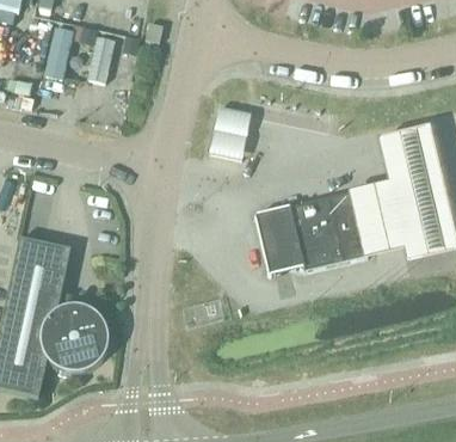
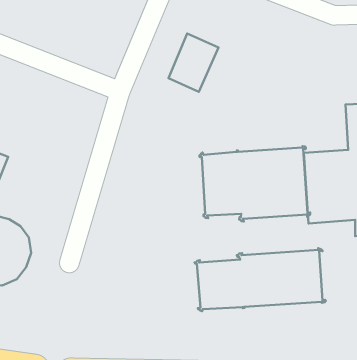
building: none -> [195,248,326,311]

